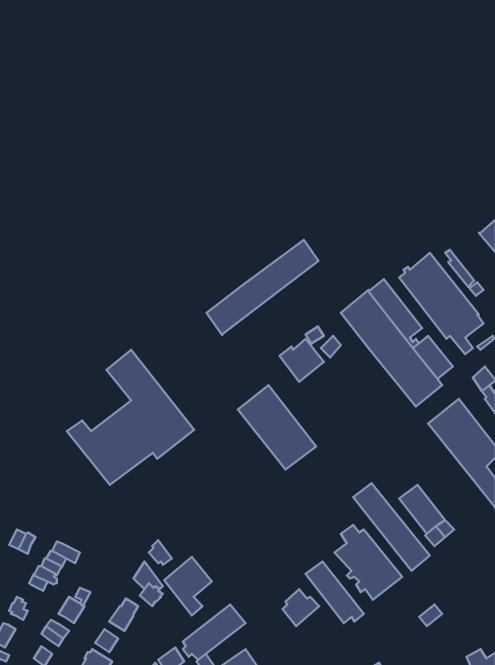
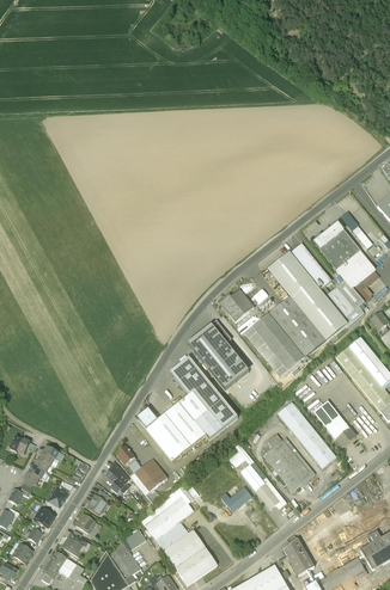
building: [207,240,319,335] -> none
building: none -> [244,295,327,376]
building: [67,350,194,485] -> [139,355,238,460]

